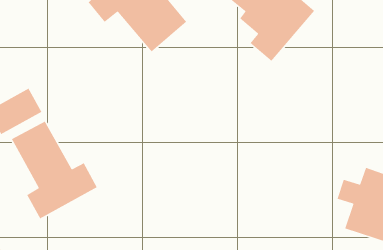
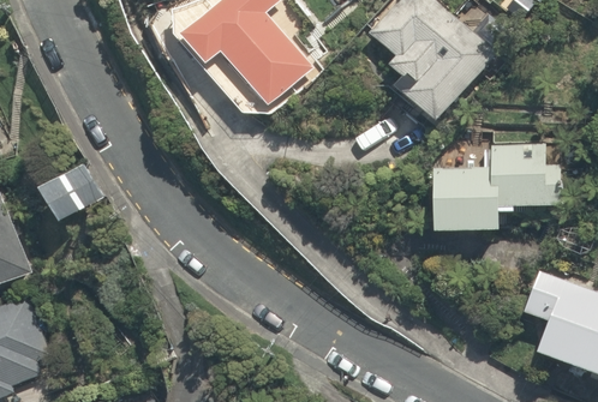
building: none -> [427,142,557,235]
building: [11,120,98,219] -> none

